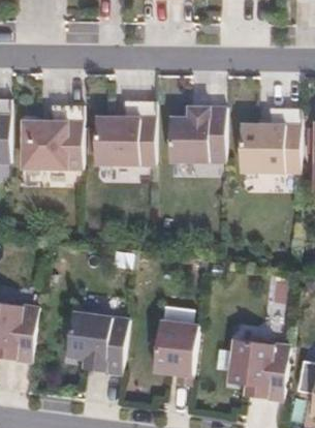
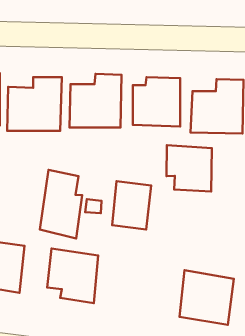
building: none -> [166,145,212,191]
building: none -> [40,170,82,239]
building: [152,317,198,375] -> [112,181,151,230]

